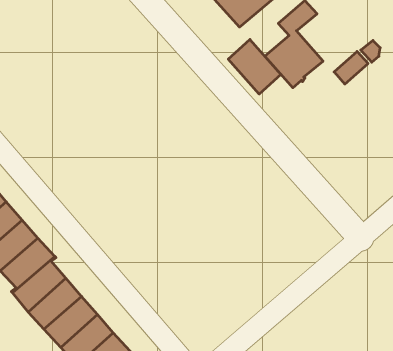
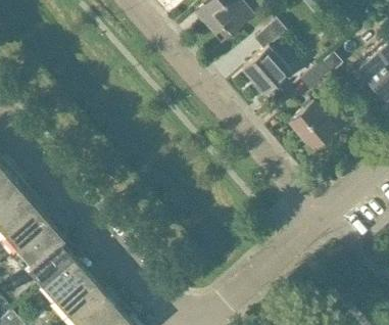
building: [228,39,281,94] -> none
building: none -> [290,104,336,150]

